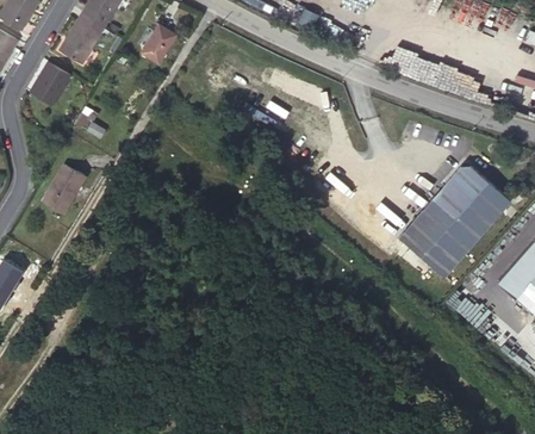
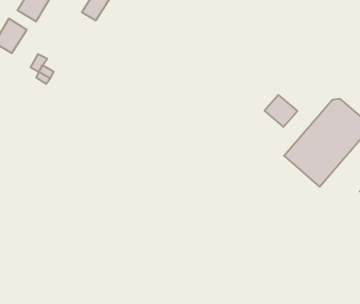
building: none -> [264,95,297,127]
building: [42,165,85,213] -> none

